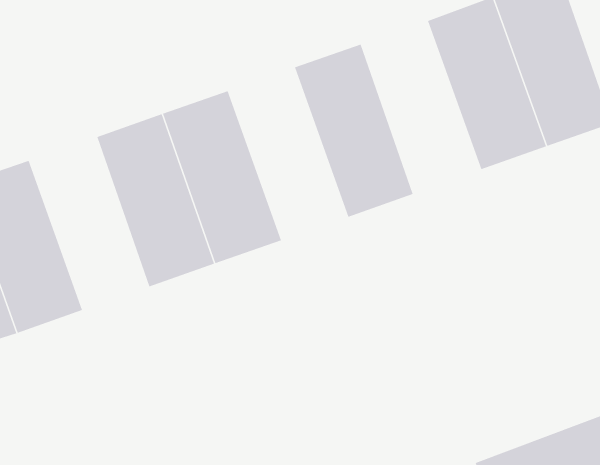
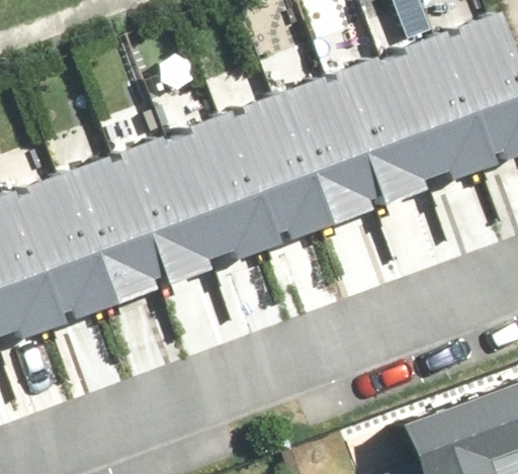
building: none -> [315,62,414,205]
building: none -> [204,100,304,244]
building: none -> [39,158,139,301]

